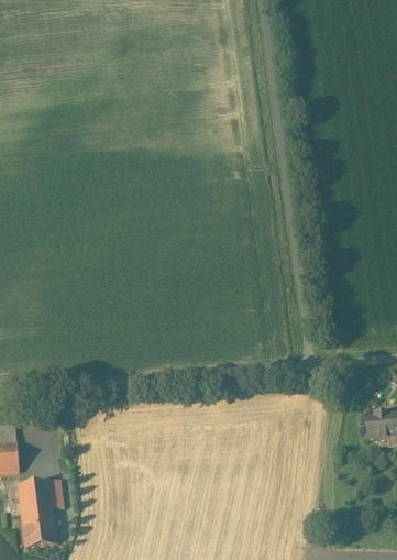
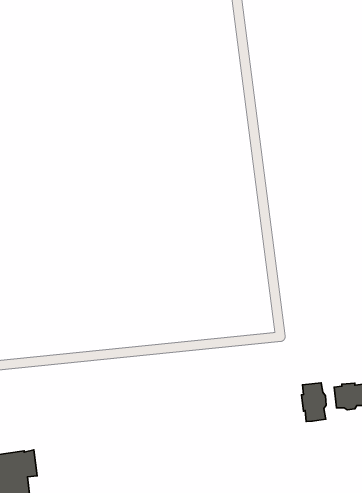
building: none -> [301,383,326,421]

